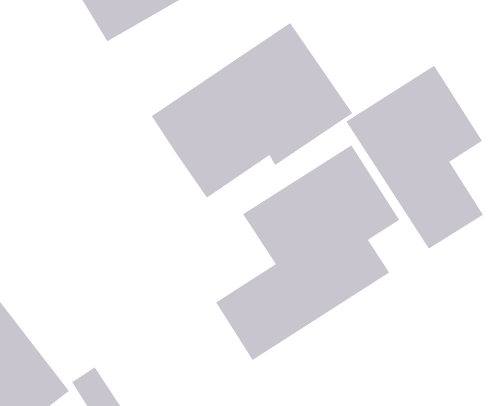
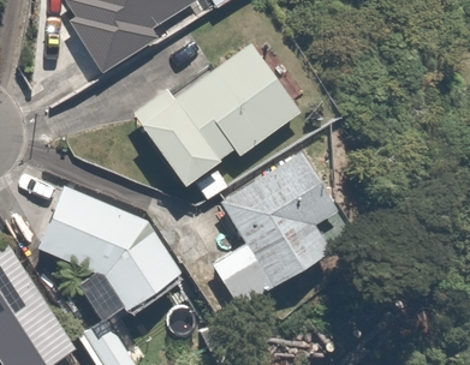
building: [346,65,484,249] -> none
building: none -> [32,186,188,311]

